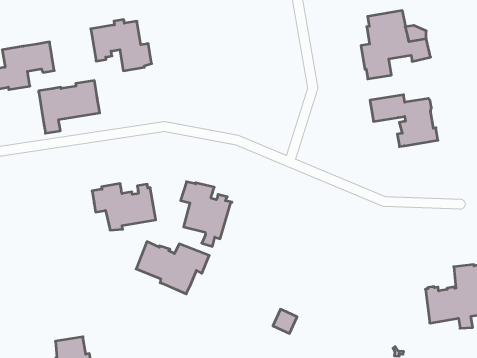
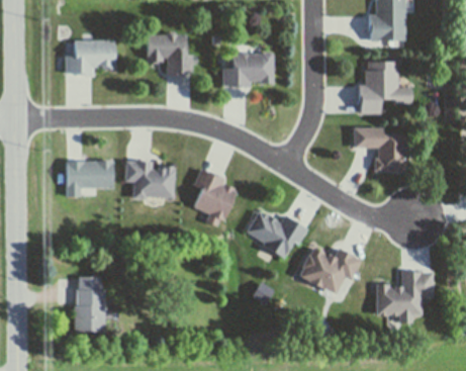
building: none -> [222,53,272,86]
building: [39,81,100,133] -> [66,161,111,196]
building: [136,242,209,294] -> [247,211,306,258]
building: none -> [300,249,359,293]

